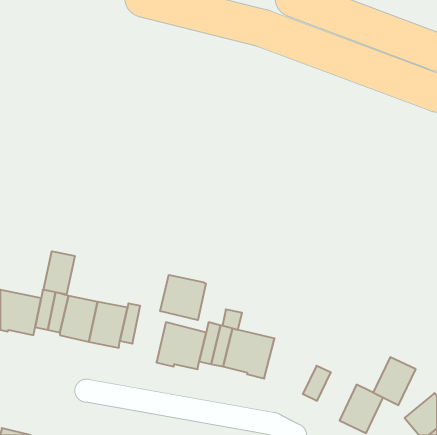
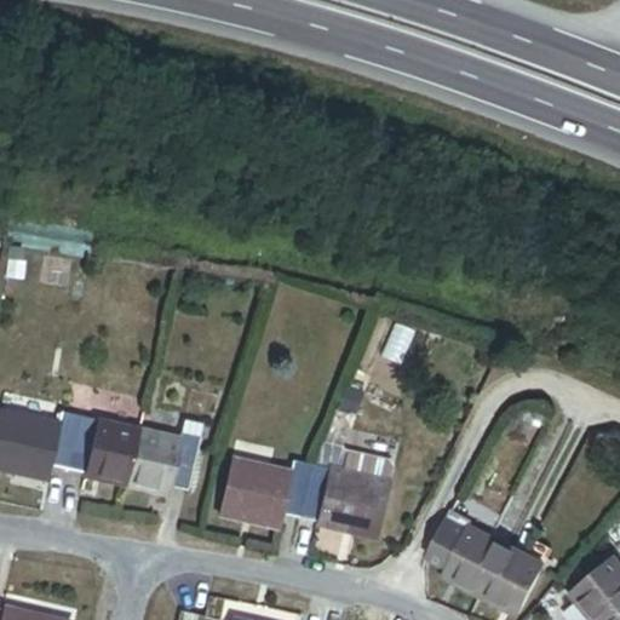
building: [43,251,75,295] -> none
building: [160,275,206,320] -> none
building: [373,357,416,405] -> [444,528,505,596]

